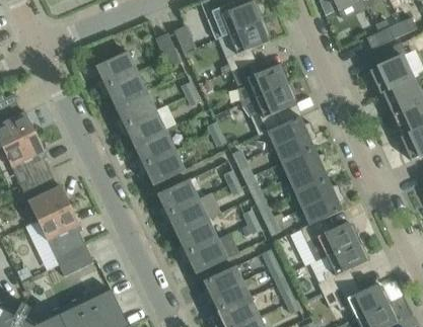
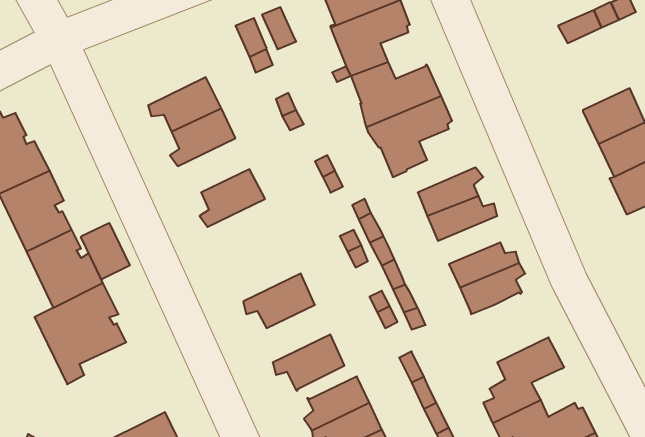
building: [369,42,413,93] -> none
building: [95,51,137,89] -> none
building: [119,110,165,146] -> none
building: [268,115,312,146] -> none
building: [138,150,185,186] -> none
building: [288,161,332,192] -> none
building: none -> [81,223,130,280]
building: [156,178,199,217] -> none
building: [175,219,218,256] -> none
building: [300,219,360,260] -> none
building: [55,243,94,276] -> none

